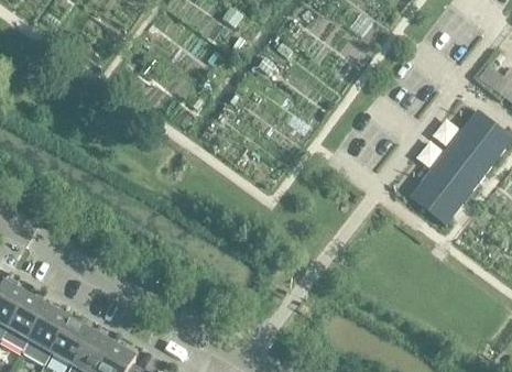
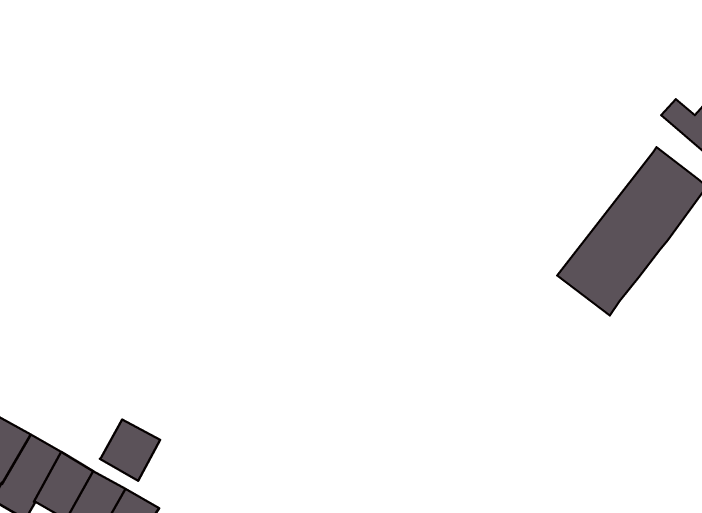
building: none -> [100,419,160,481]

